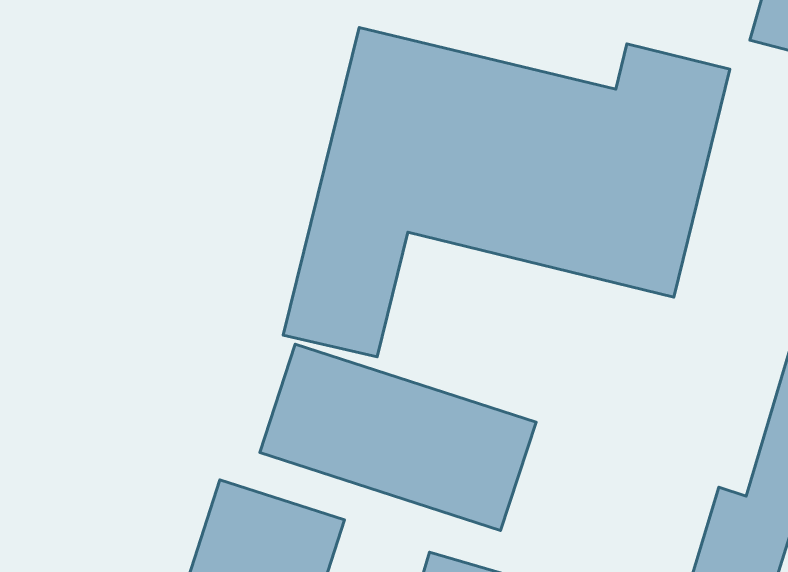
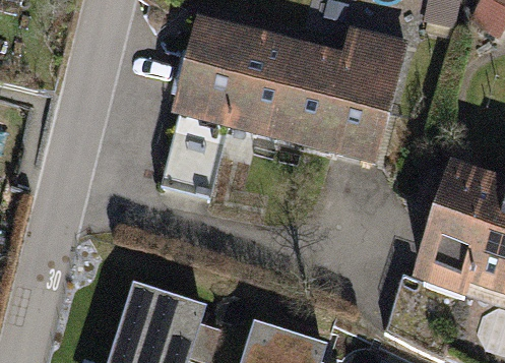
building: [260,344,536,530] -> none

